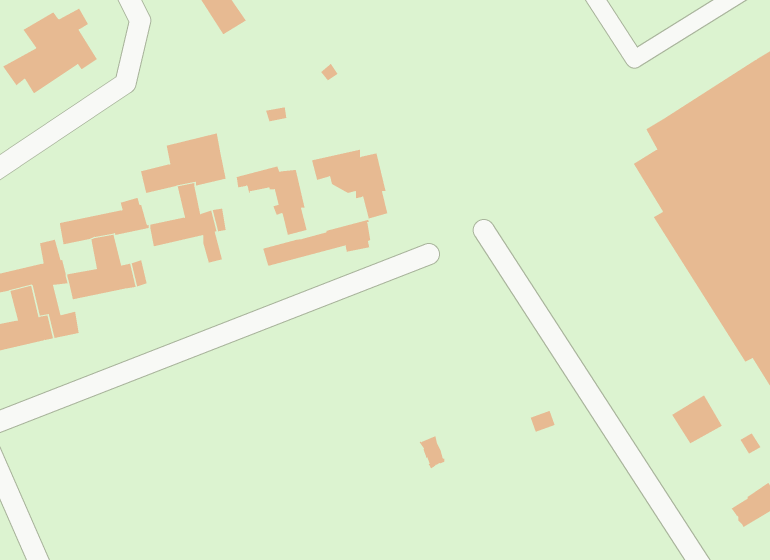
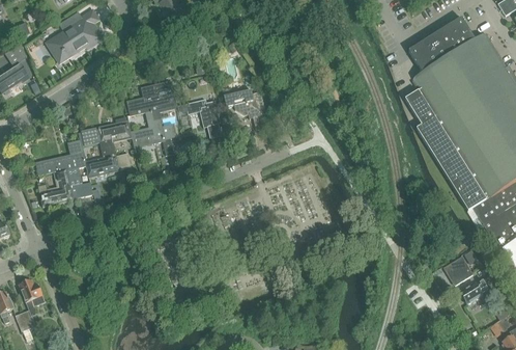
building: none -> [408,17,475,72]
building: [262,219,371,266] -> none
building: [671,395,723,444] -> [445,255,474,284]

